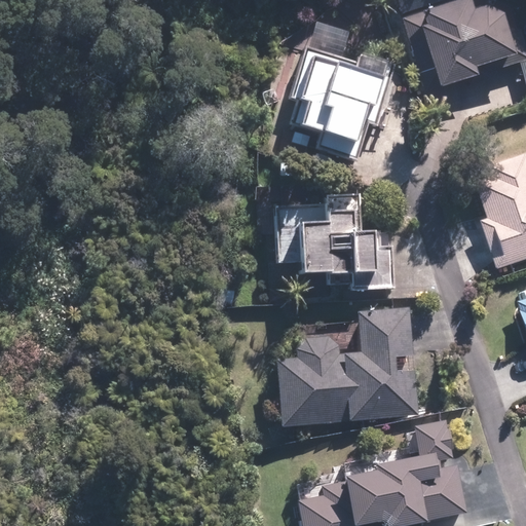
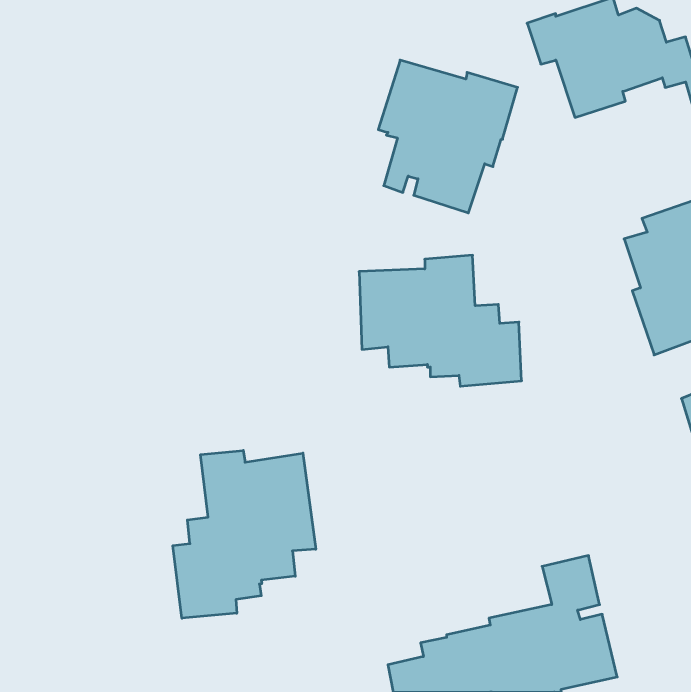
building: [275,306,421,426] -> none
building: none -> [173,450,316,618]

